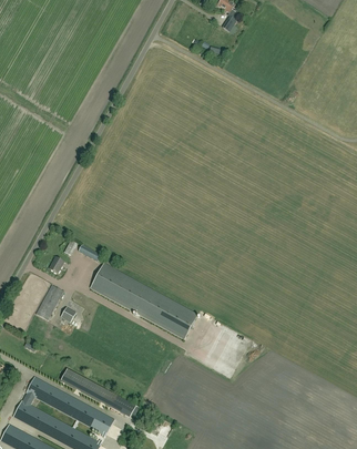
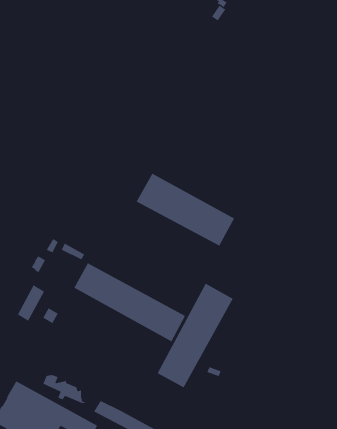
building: none -> [136,173,235,247]
building: none -> [157,283,233,388]

